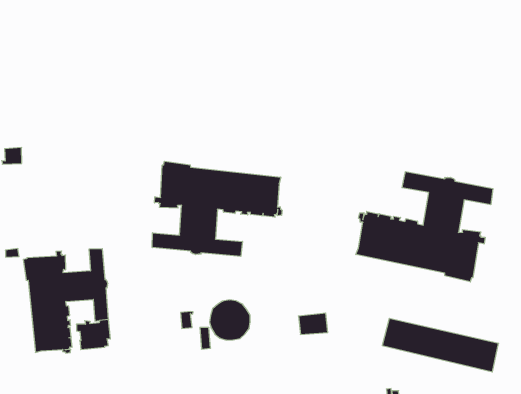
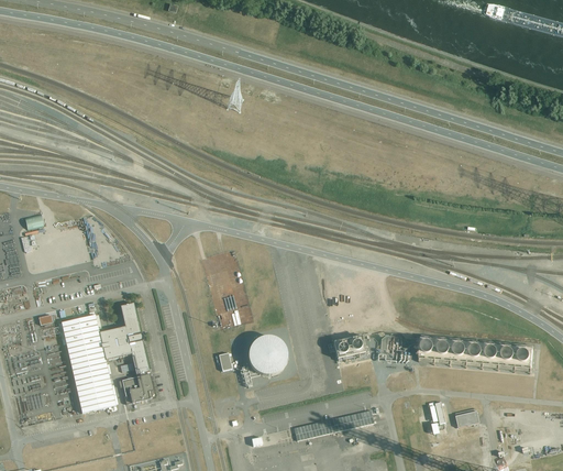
building: [152,161,282,256] -> none
building: [356,172,493,282] -> none

